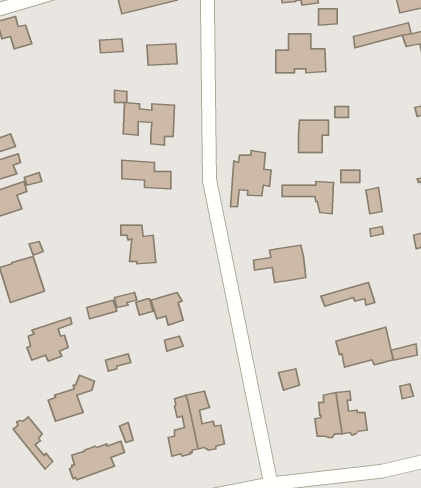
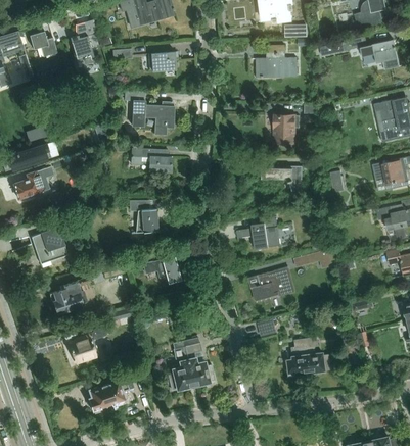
building: none -> [70,22,95,65]
building: [230,151,271,207] -> none
building: [336,327,393,367] -> [247,265,294,298]
building: [13,417,53,469] -> none

